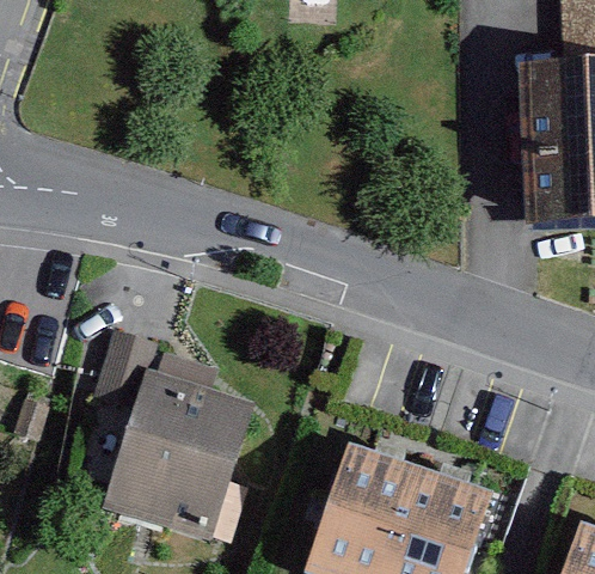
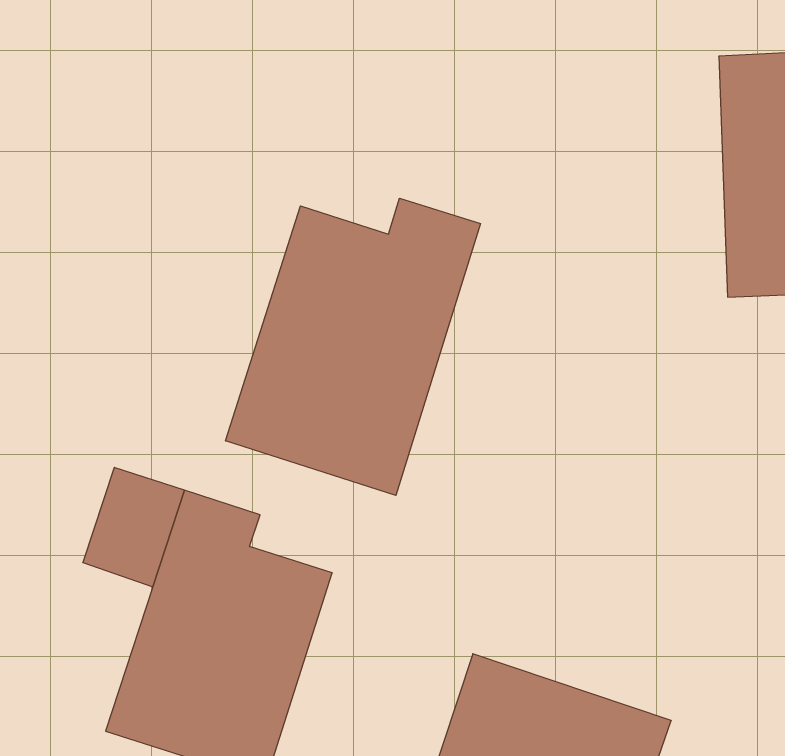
building: none -> [226,198,480,495]

